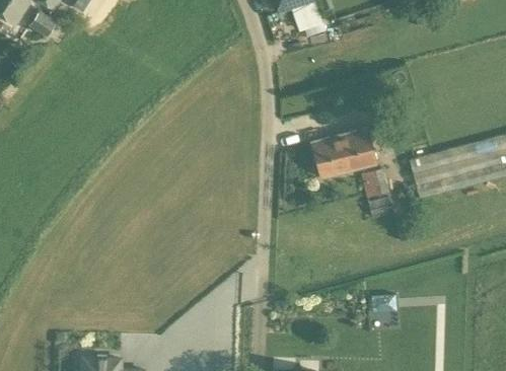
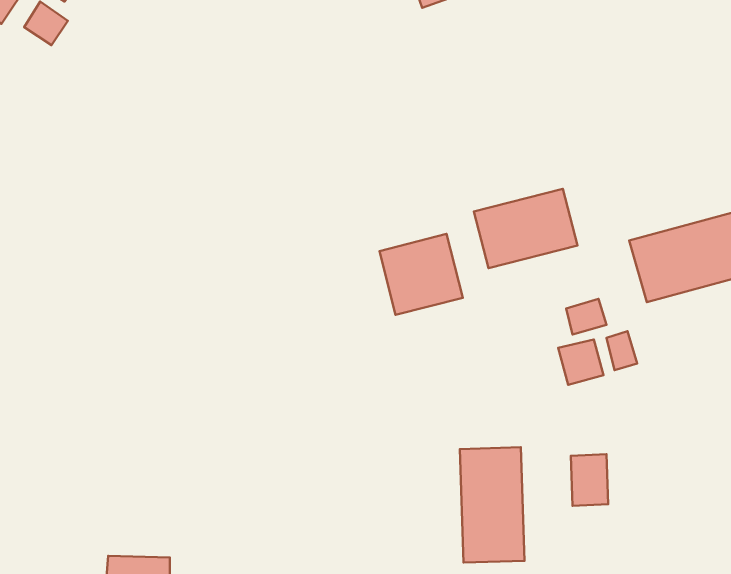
building: none -> [379,234,463,315]
building: [362,169,390,198] -> [558,340,604,385]
building: none -> [460,447,524,563]

